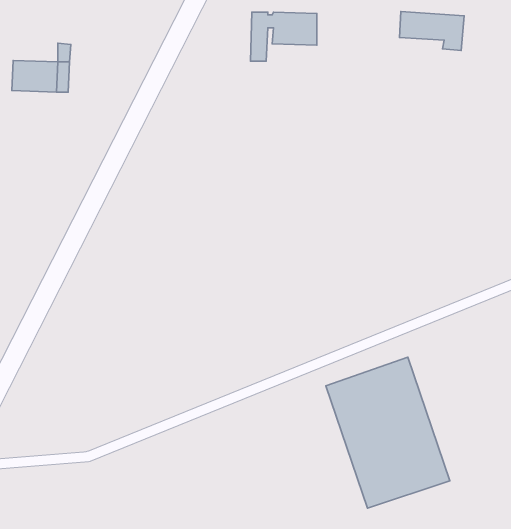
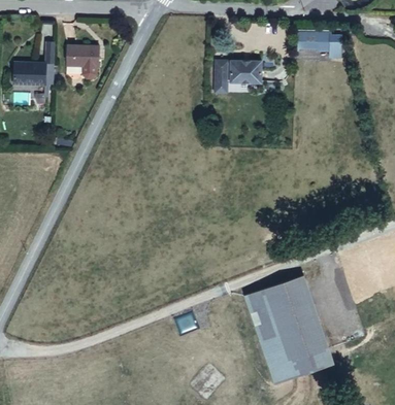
building: [250,12,317,61] -> [216,59,263,94]
building: none -> [72,45,106,79]

